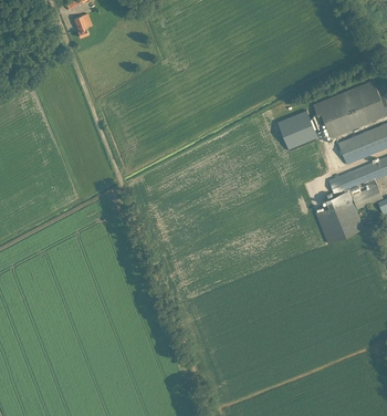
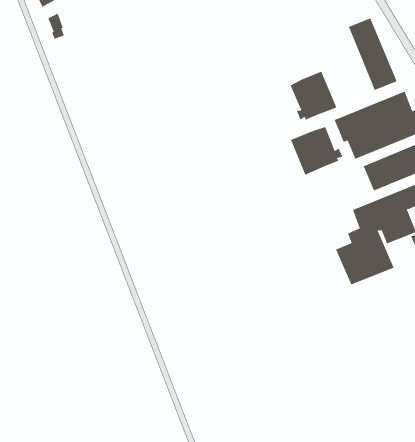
building: none -> [348,17,398,91]
building: none -> [290,71,337,121]

